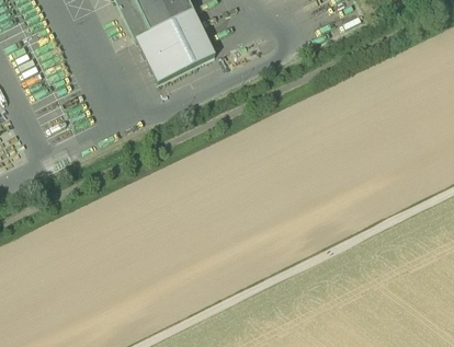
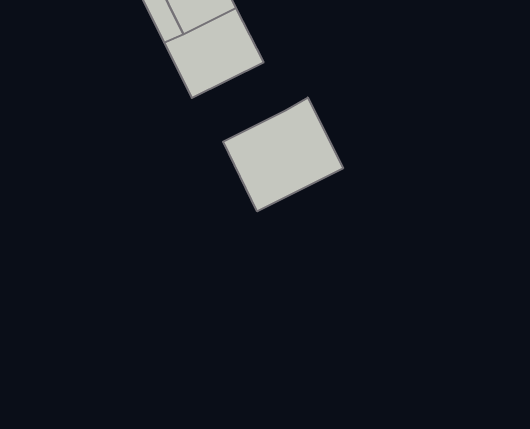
building: none -> [223,97,343,211]

